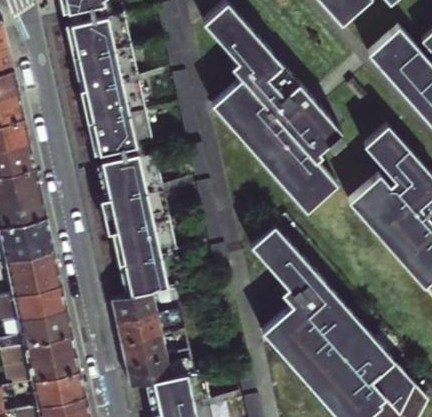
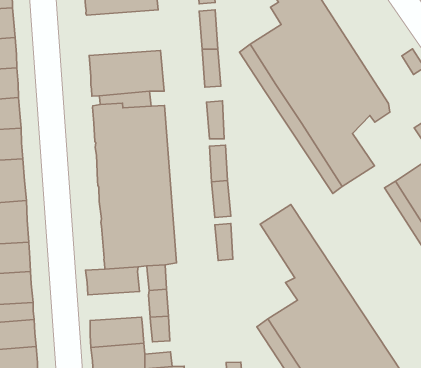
building: [81,80,146,126] -> none
building: [116,314,163,344] -> none

